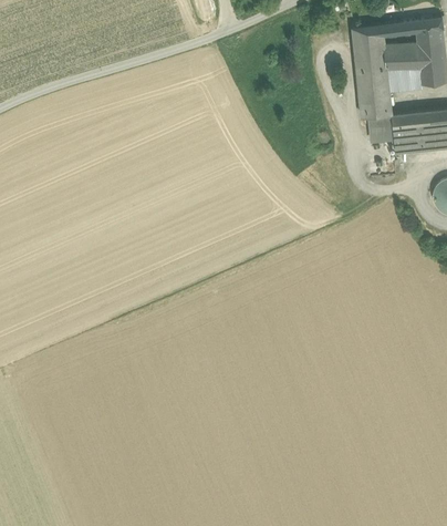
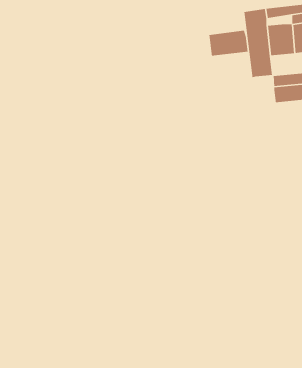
building: none -> [208,30,249,56]
building: [367,115,392,137] -> none

